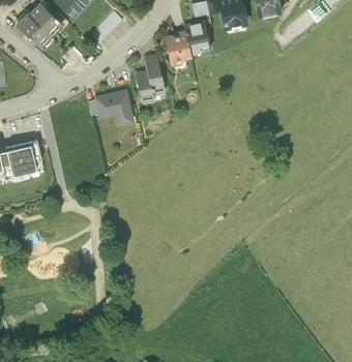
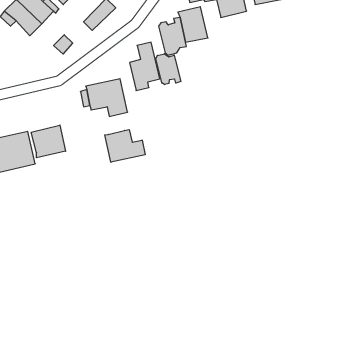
building: none -> [156,54,181,85]
building: none -> [31,125,66,158]
building: none -> [105,130,145,162]

